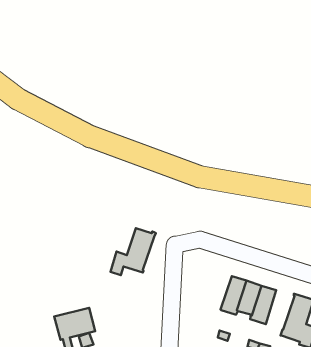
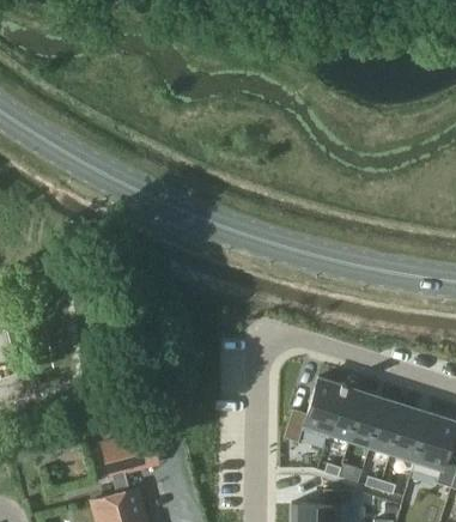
building: [110,228,156,275] -> [284,376,346,441]
building: none -> [390,407,430,461]

